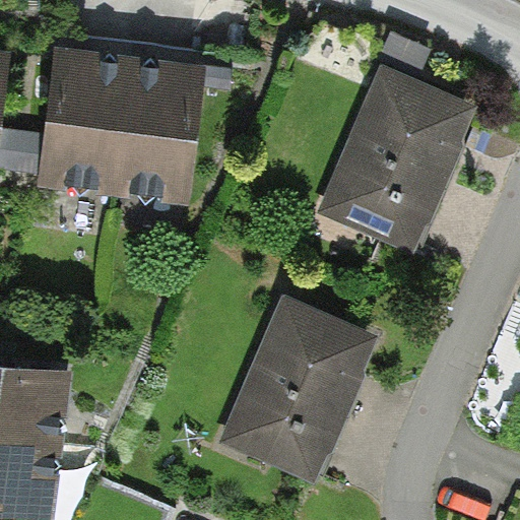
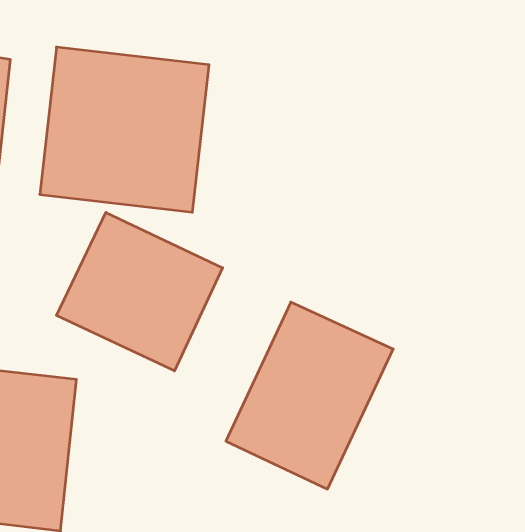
building: [316,63,475,245] -> none
building: none -> [56,212,223,371]

